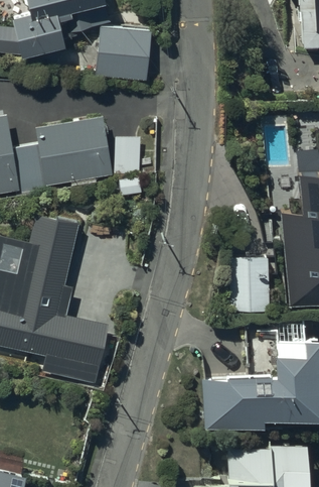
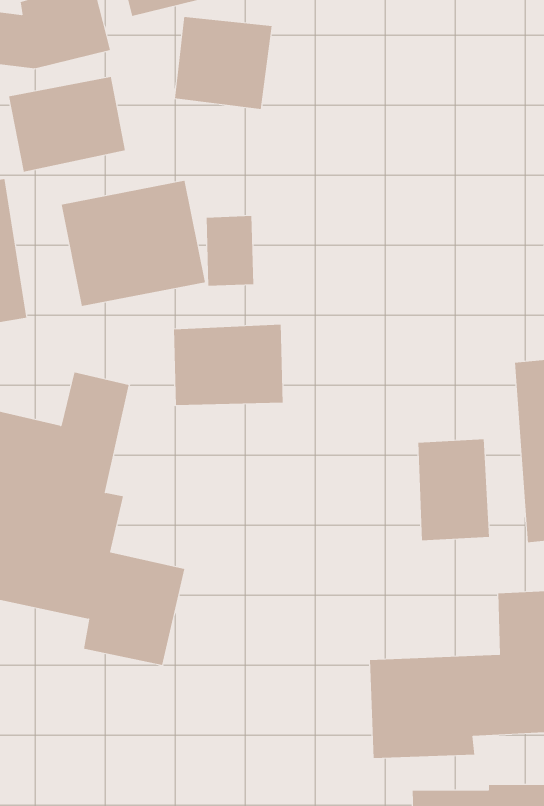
building: none -> [8,76,126,173]
building: none -> [174,324,283,406]

